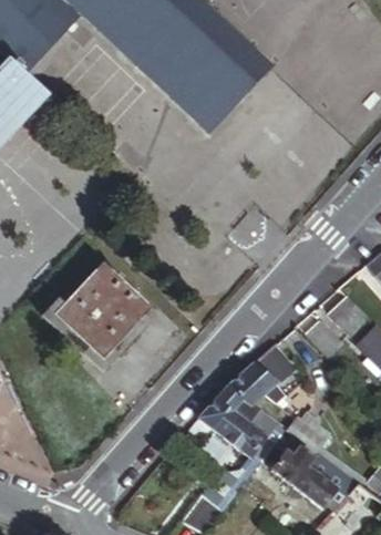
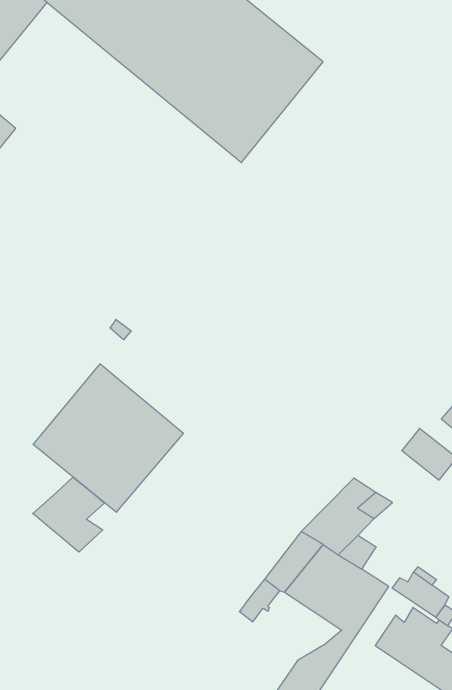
building: none -> [33,477,105,552]

